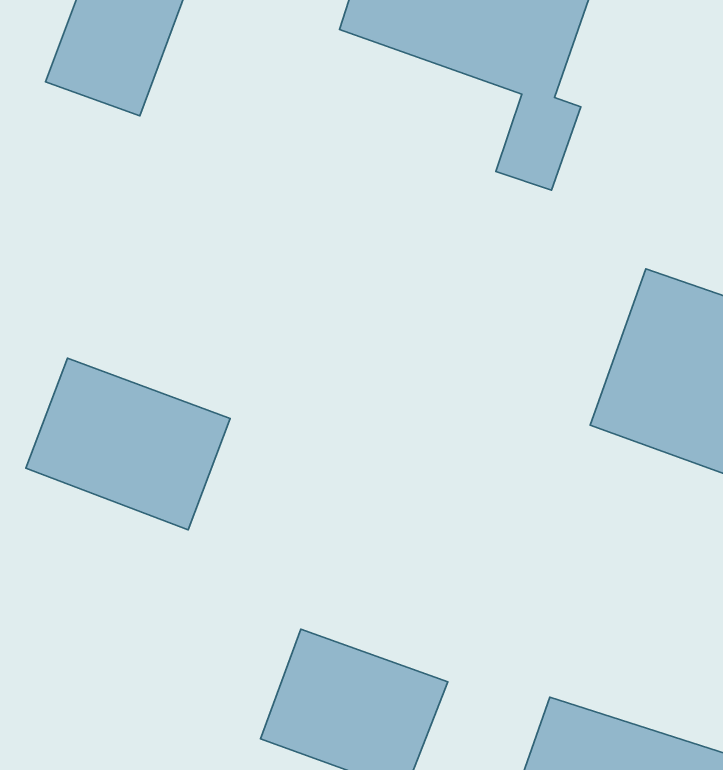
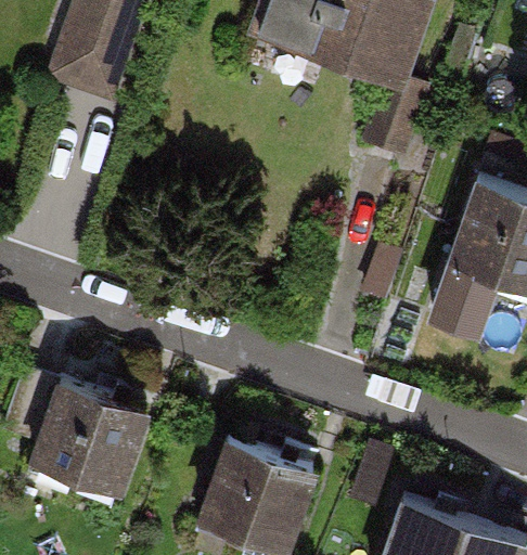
building: [26,358,230,530] -> [28,384,171,504]

